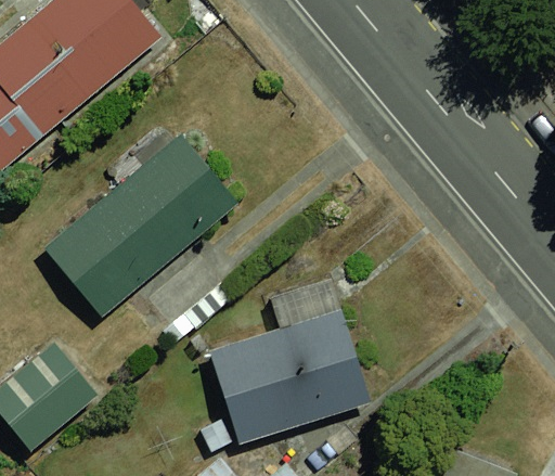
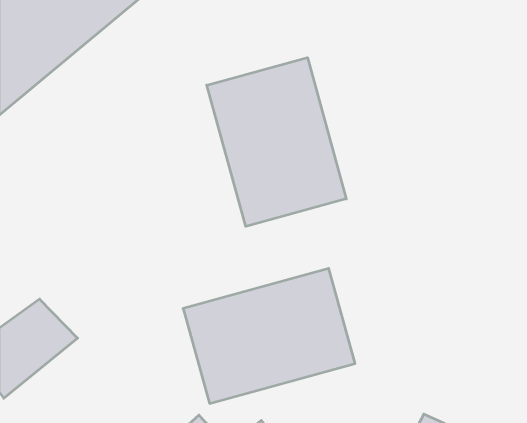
building: none -> [207,58,346,226]
building: [40,136,234,326] -> none

